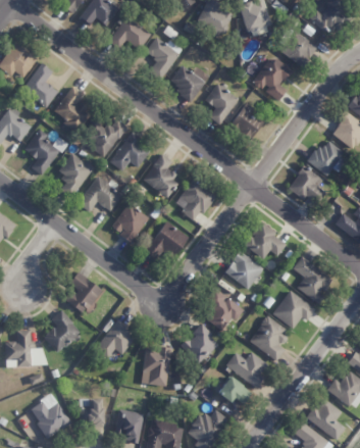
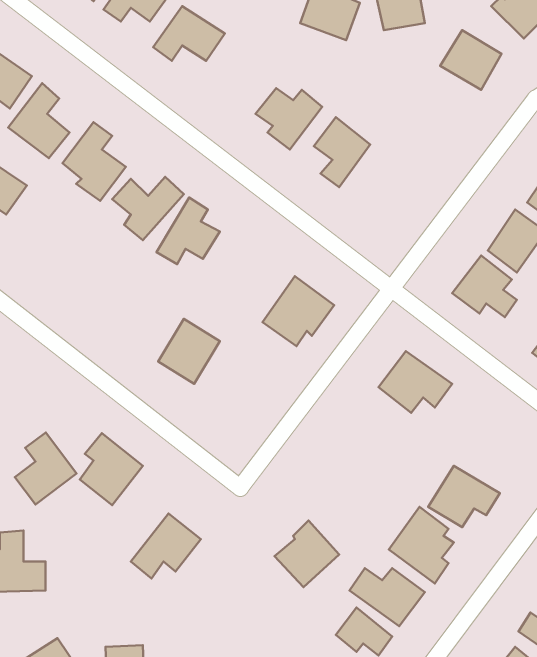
building: [146,37,181,80] -> none
building: [253,56,293,100] -> none
building: [229,104,265,140] -> none
building: [24,129,65,176] -> none
building: [57,153,92,198] -> none
building: [143,153,178,196] -> none
building: [78,176,122,212] -> none
building: [143,220,188,260] -> none
building: [224,251,262,289] -> none
building: [292,255,332,303] -> none
building: [203,288,243,331] -> none
building: [44,309,81,352] -> [15,433,76,504]
building: [141,345,172,387] -> none

